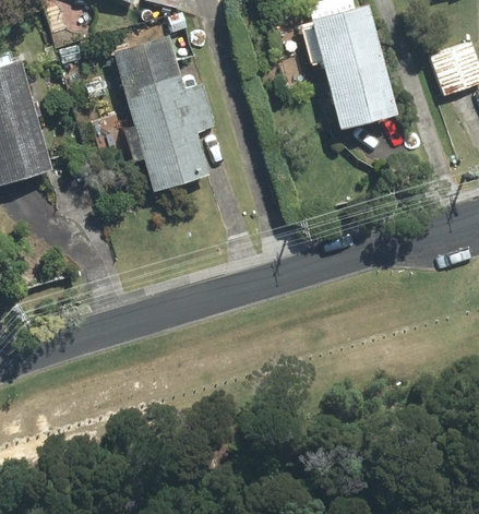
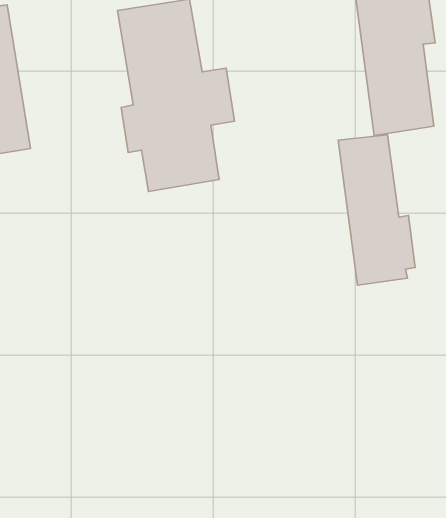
building: none -> [338,135,415,285]

